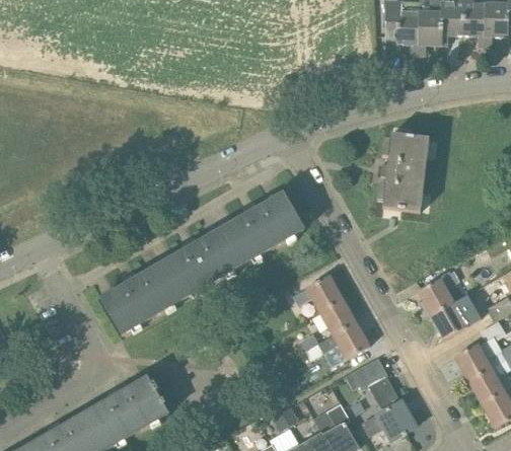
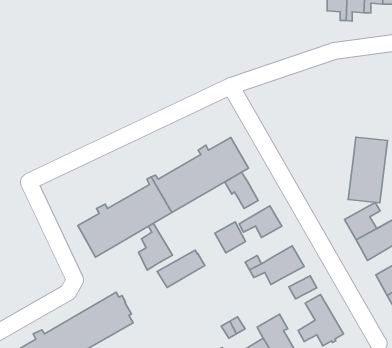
building: [382,133,429,211] -> [348,137,387,203]
building: none -> [225,172,258,208]
building: none -> [138,223,173,270]
building: [318,298,355,334] -> [215,222,246,253]
building: none -> [157,250,205,288]

